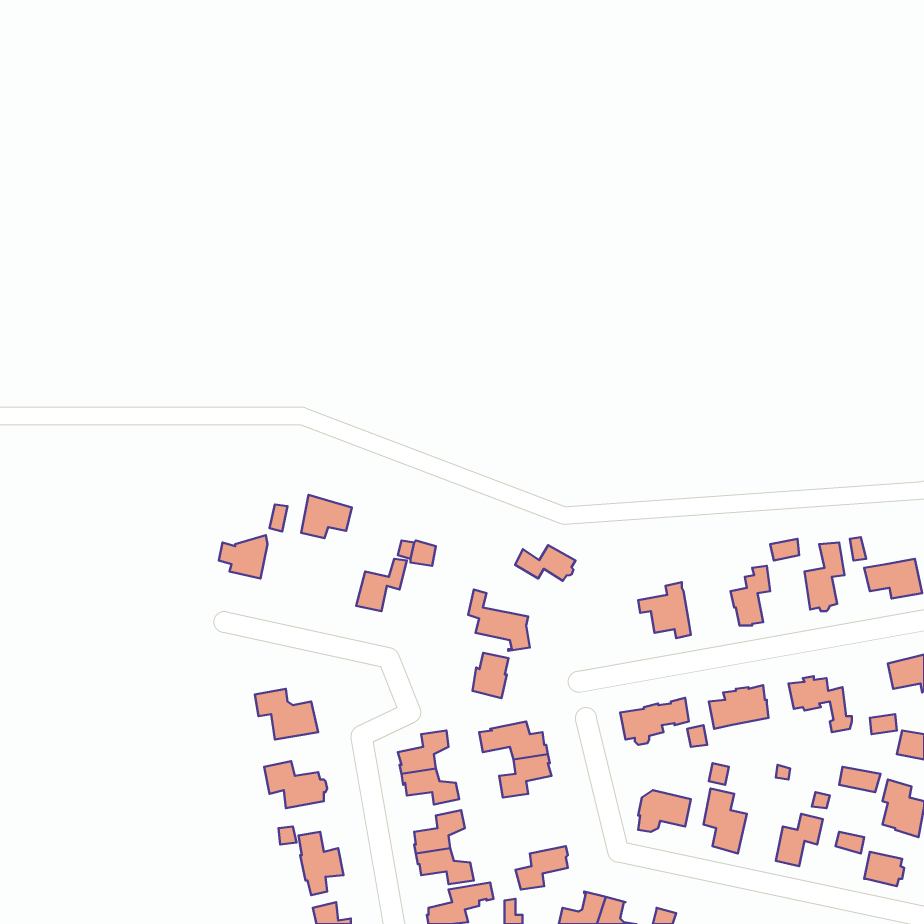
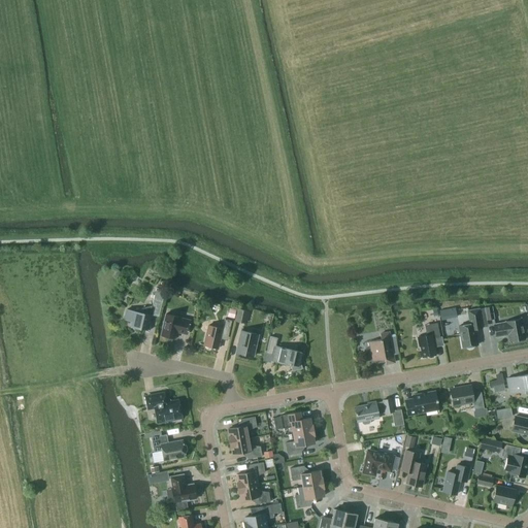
building: [301,495,352,538] -> [161,314,190,338]
building: [515,545,576,581] -> none
building: [472,653,509,698] -> [236,331,257,357]
building: none -> [290,466,323,487]

